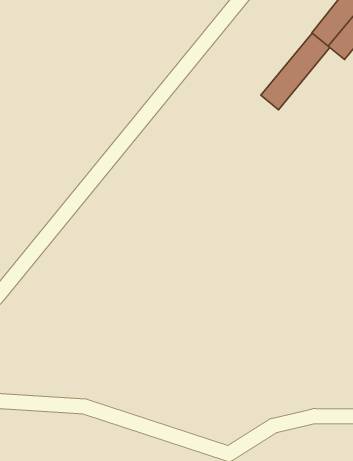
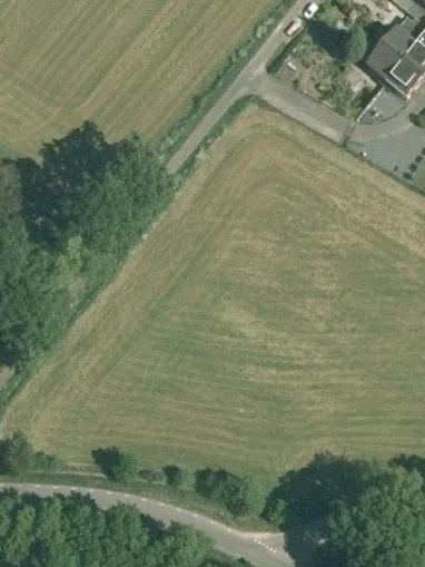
building: [261,33,330,110] -> none

